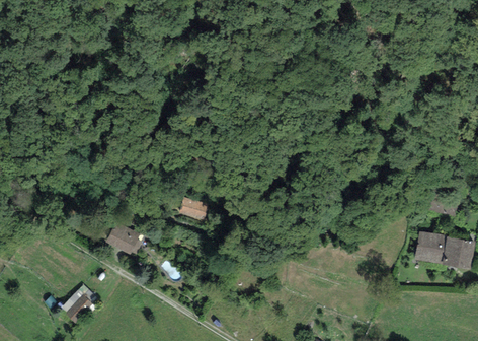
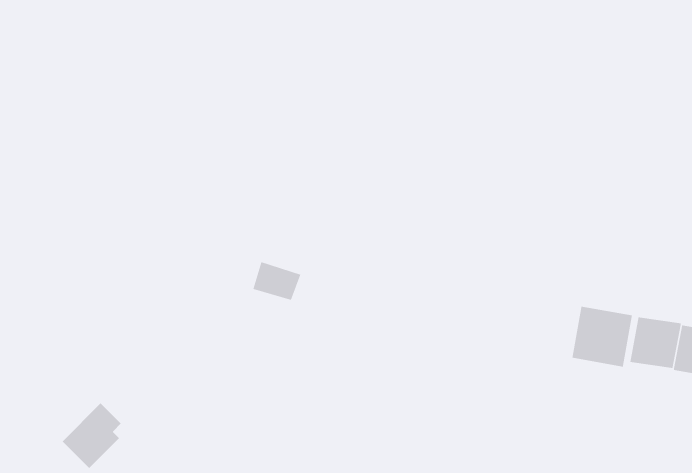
building: [104,221,143,254] -> none
building: none -> [572,306,632,367]

